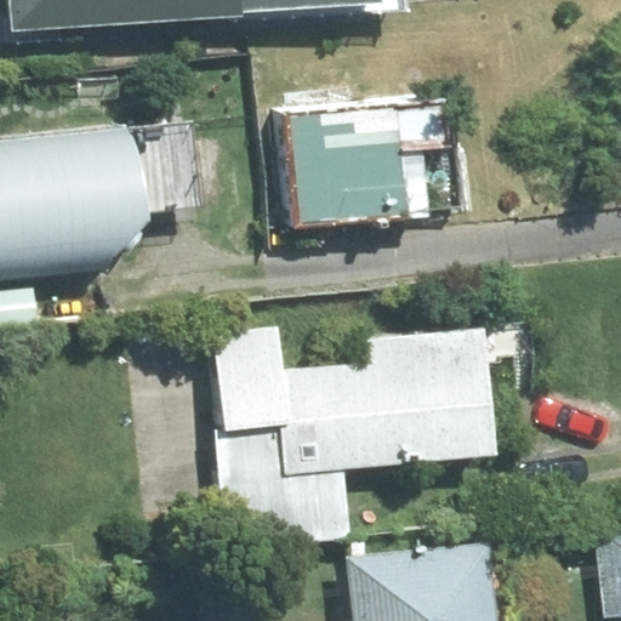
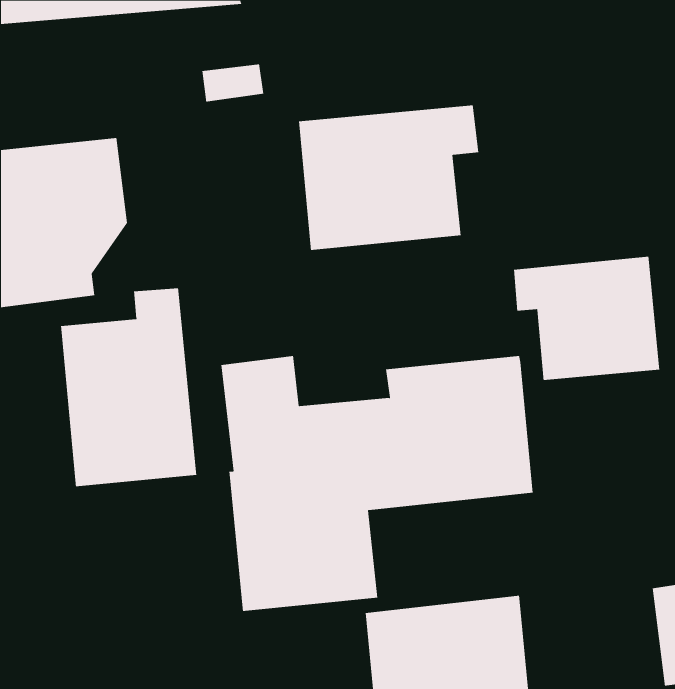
building: none -> [513,256,660,381]
building: none -> [60,288,197,487]

